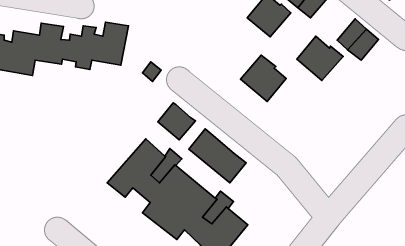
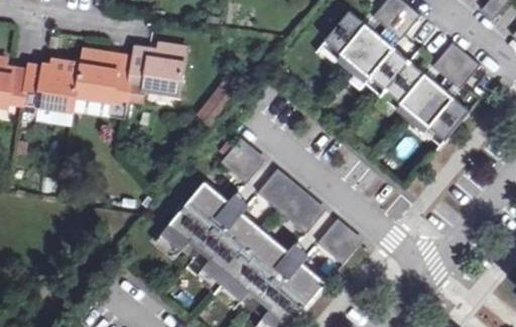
building: [241,55,286,102] -> [353,34,406,89]
building: none -> [413,86,468,140]
building: none -> [317,220,362,264]

